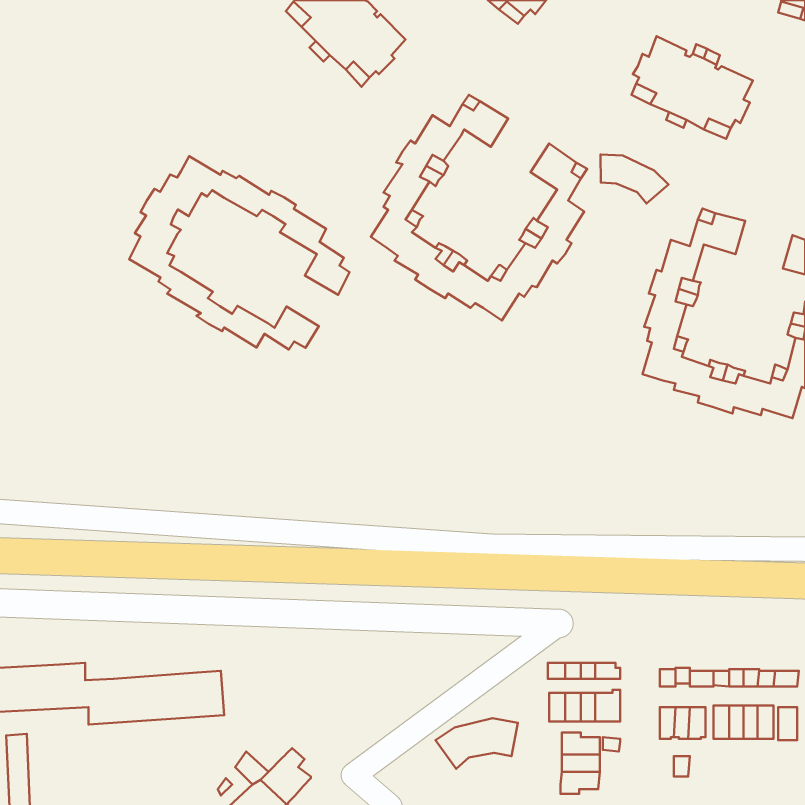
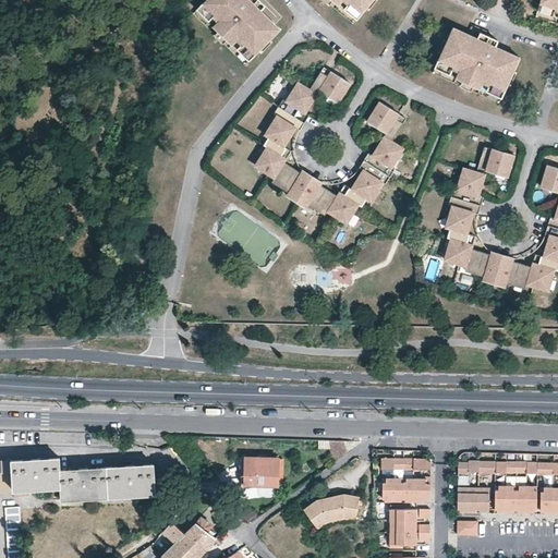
building: [601,155,668,203] -> none
building: [129,156,349,350] -> none
building: none -> [244,458,276,487]

